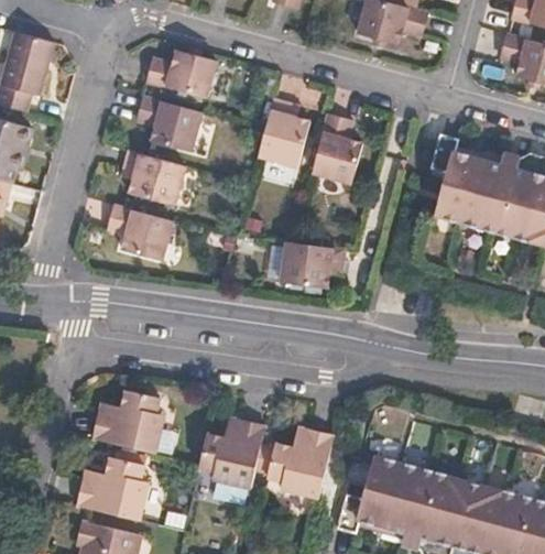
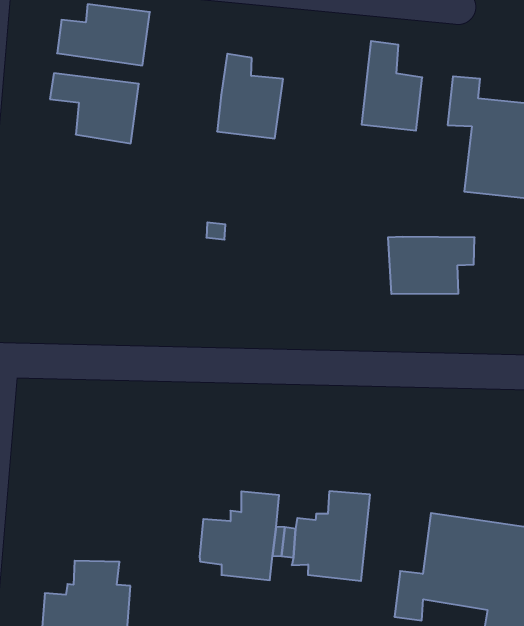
building: [309,111,359,182] -> [362,41,422,131]
building: [123,149,187,205] -> none
building: [110,204,175,261] -> none
building: [277,239,345,287] -> [388,237,475,294]
building: [92,388,163,454] -> none

